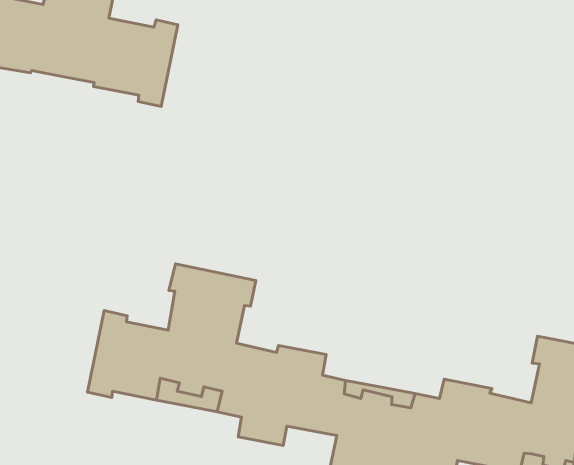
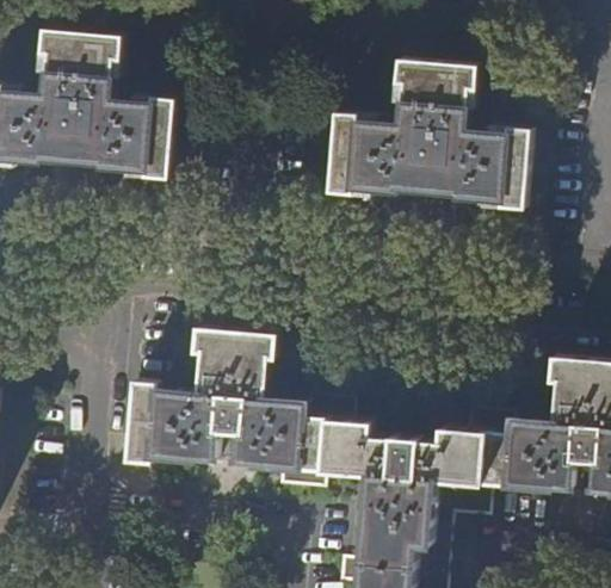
building: none -> [326,60,529,209]

